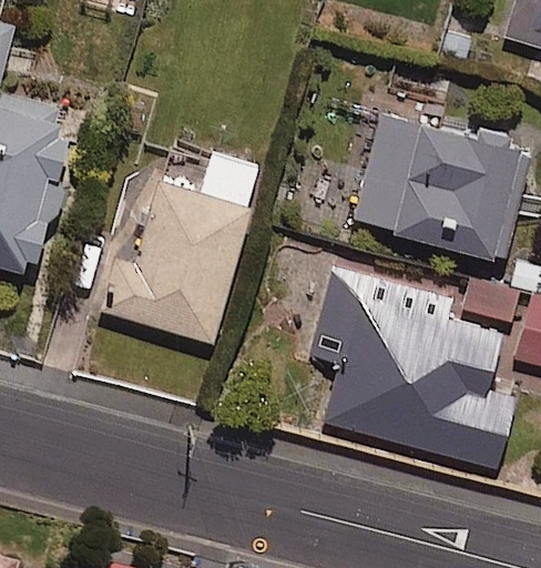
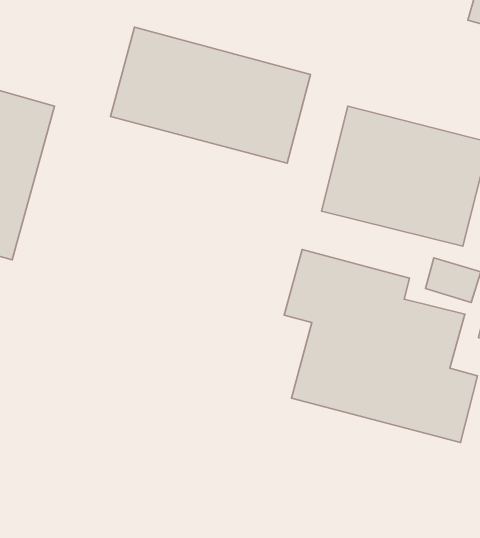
building: none -> [110,27,310,163]
building: [100,154,259,342] -> none

